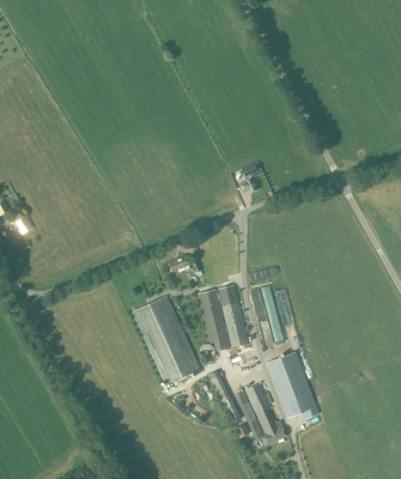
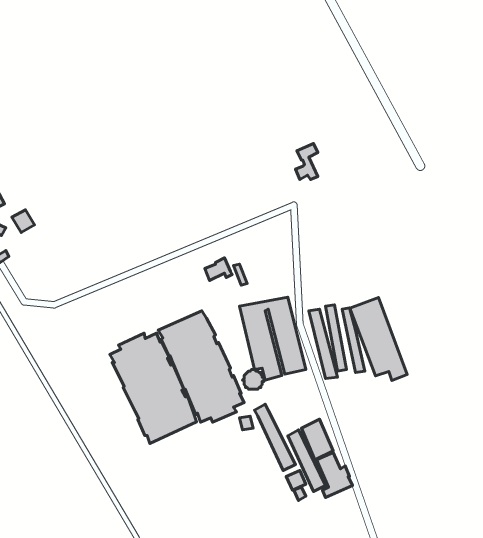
building: none -> [110,333,196,443]
building: [273,352,318,418] -> [350,298,407,380]

